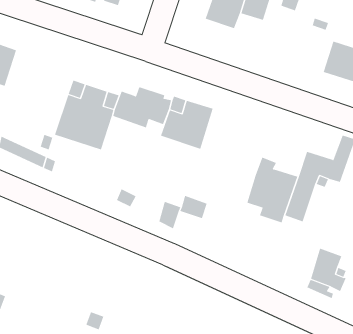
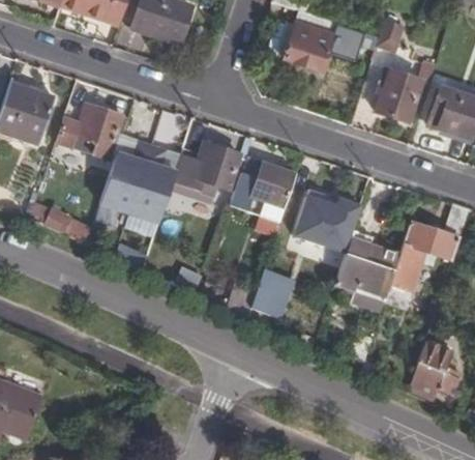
building: none -> [377,67,422,122]
building: none -> [59,91,123,159]
building: none -> [293,195,362,252]

